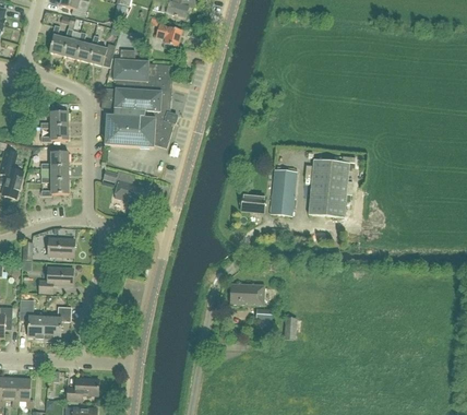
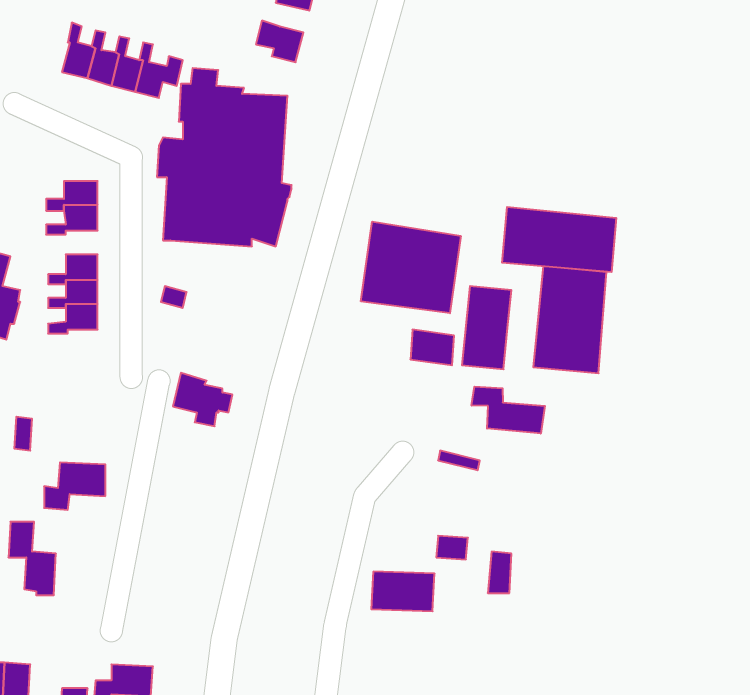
building: none -> [502,207,616,272]
building: none -> [361,222,461,313]
building: [113,178,146,208] -> [173,373,232,426]
building: none -> [472,387,545,434]
building: [47,237,74,257] -> none
building: [229,283,264,305] -> [371,572,435,611]
building: [44,306,71,341] -> none

